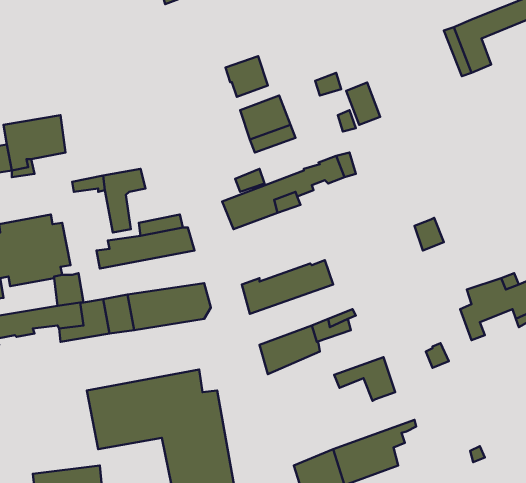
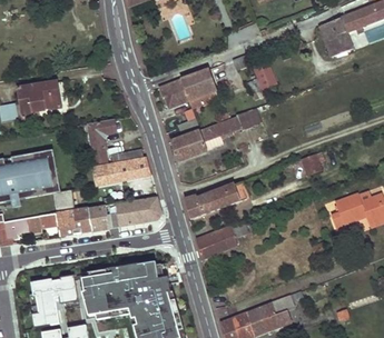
building: [225,56,268,97] -> [159,79,188,107]
building: [334,357,395,401] -> none
building: none -> [29,272,76,324]

